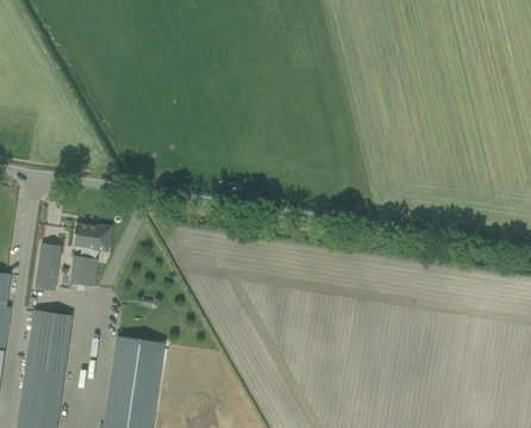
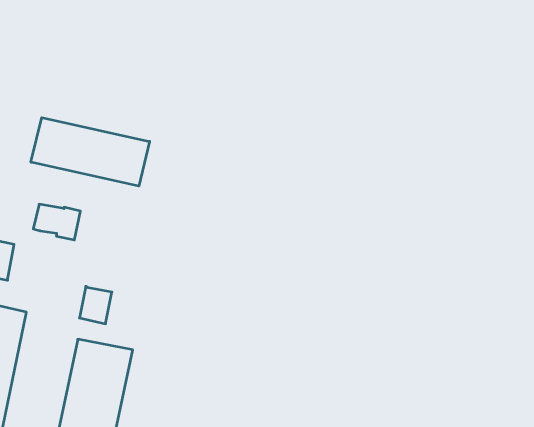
building: none -> [31,118,150,186]
building: [70,255,96,286] -> [79,286,112,324]

